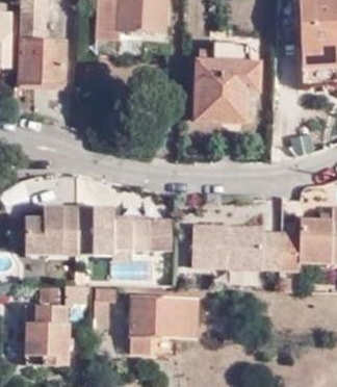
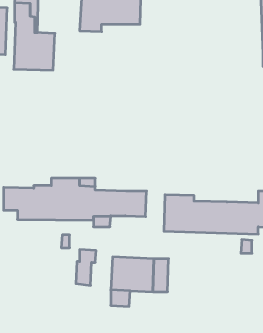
building: [197,43,258,122] -> none
building: [24,306,69,365] -> none

